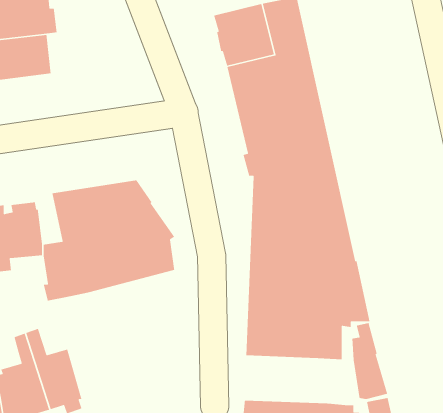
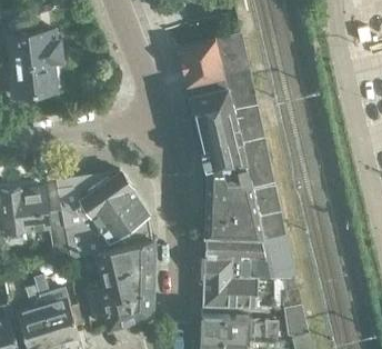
building: none -> [86,240,153,328]
building: none -> [202,316,279,341]

